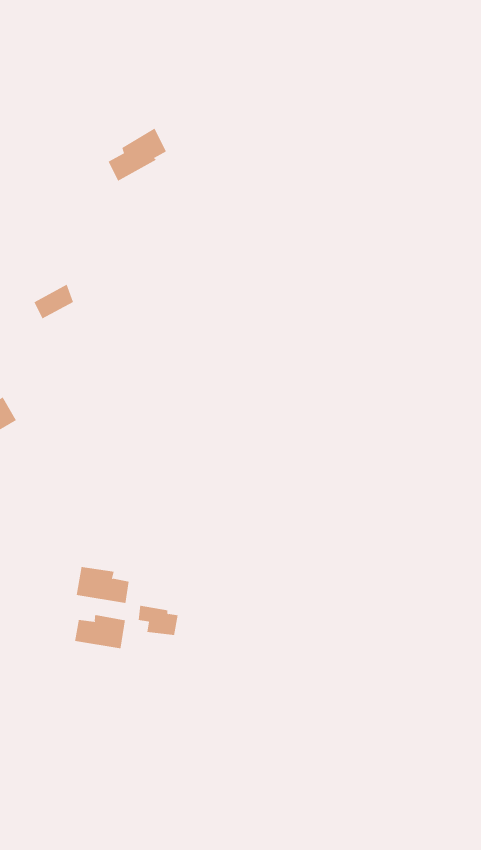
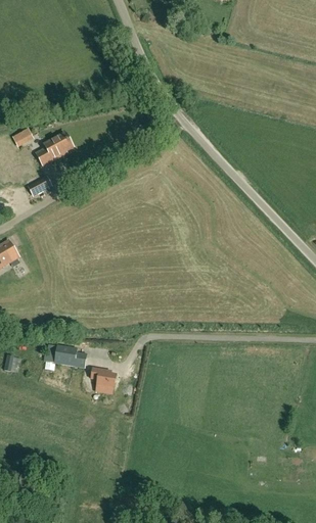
building: [108,128,167,182] -> [36,132,72,164]
building: [75,614,126,649] -> none

